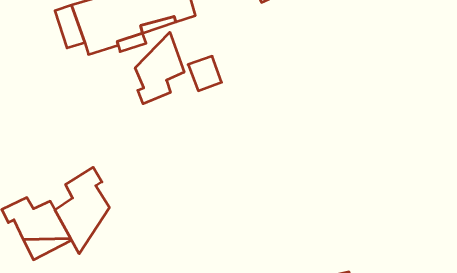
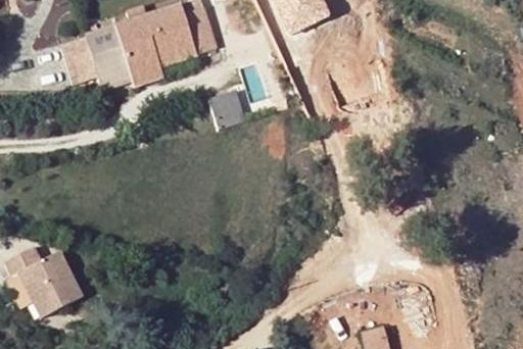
building: [135,32,184,104] -> none
building: [55,167,109,254] -> none

